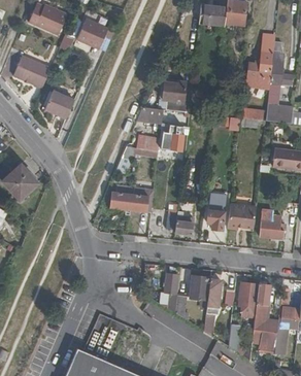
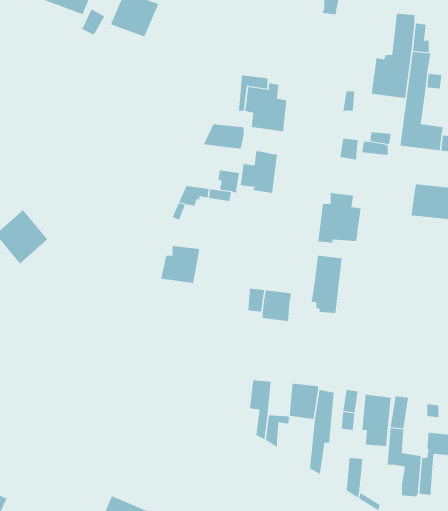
building: [12,57,51,91] -> none
building: [42,94,72,121] -> none
building: [130,187,152,226] -> none
building: [227,196,256,229] -> [317,192,362,243]
building: [258,218,282,240] -> none

